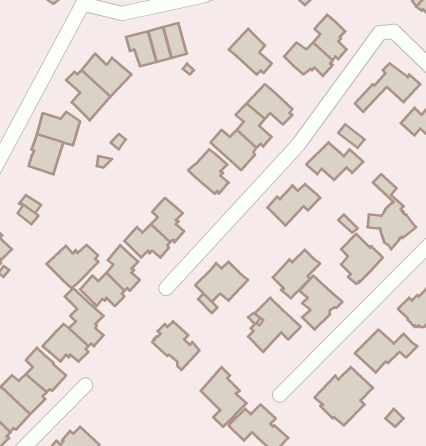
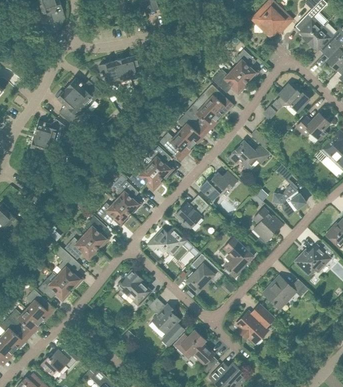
building: [229,29,272,75] -> [198,84,229,117]
building: none -> [129,165,162,189]
building: [46,245,98,288] -> none
building: [273,250,320,298] -> [175,195,209,230]

